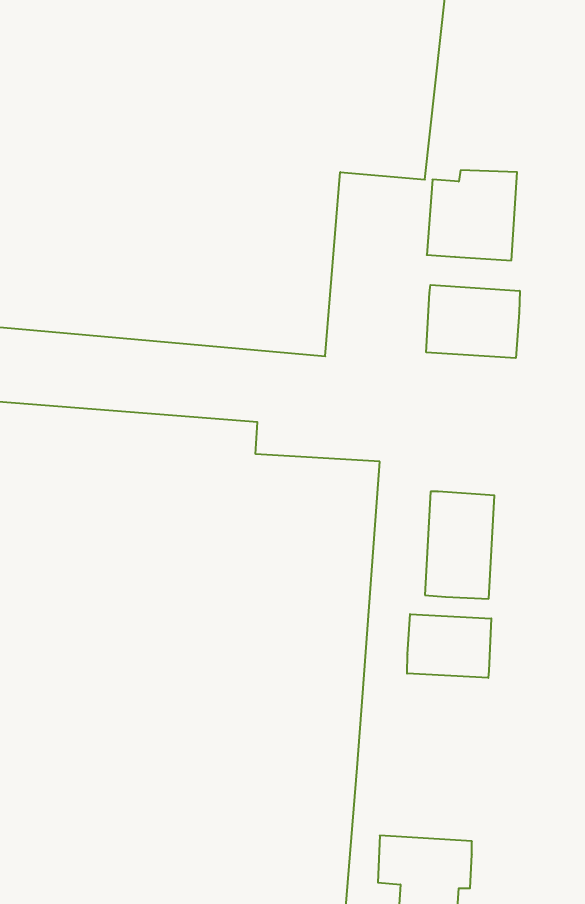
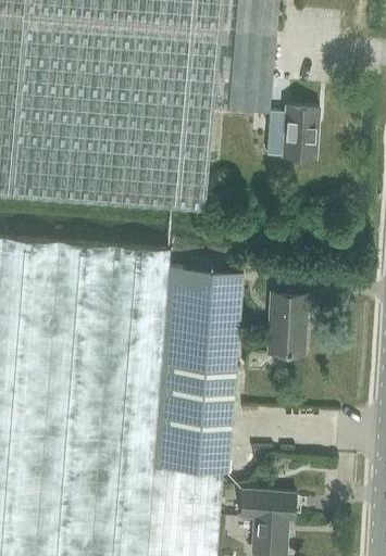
building: [426,285,520,358] -> none
building: [407,614,491,678] -> none

